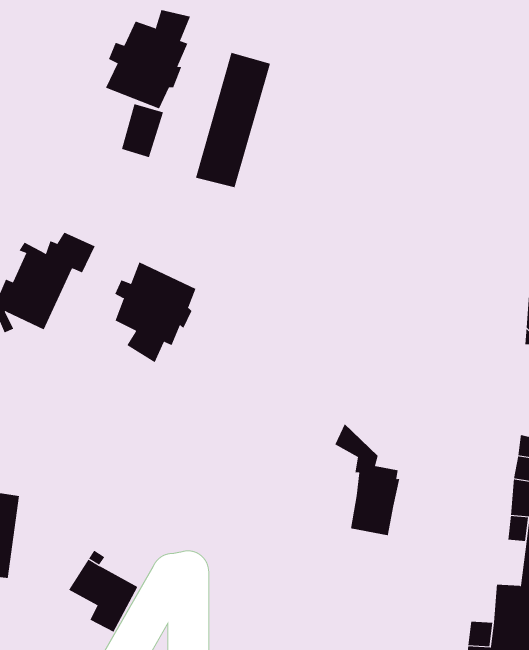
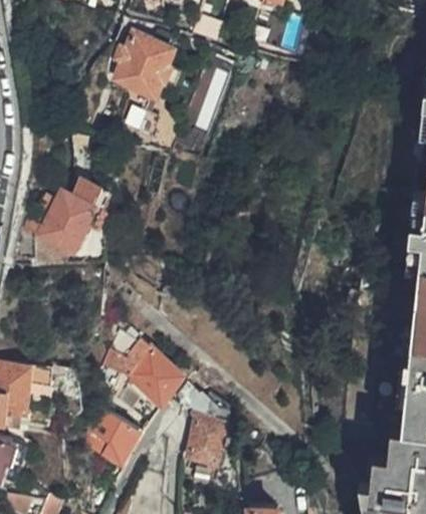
building: [115,261,196,363] -> none
building: [334,423,400,536] -> [179,384,225,464]
building: none -> [95,330,181,410]

